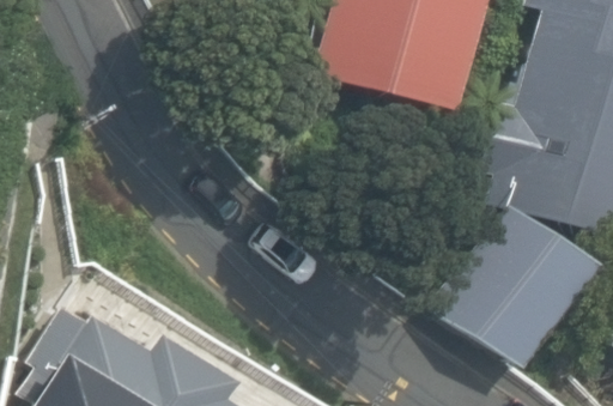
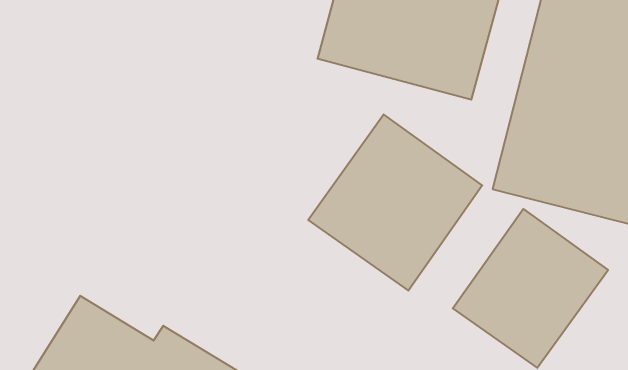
building: none -> [308,114,482,291]

